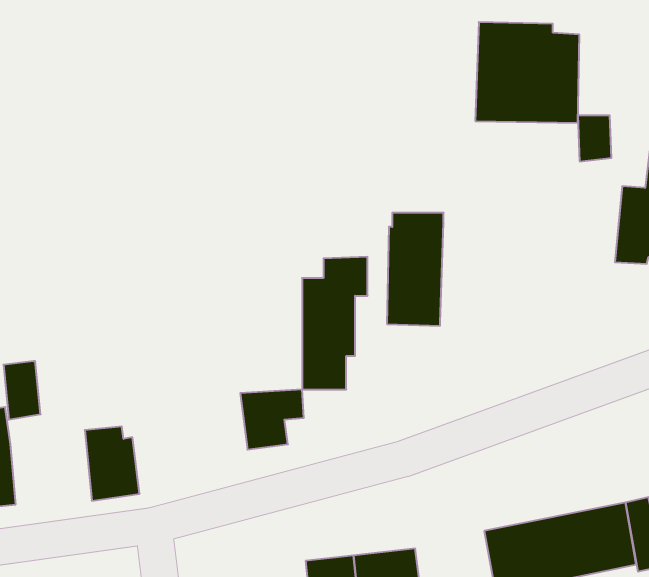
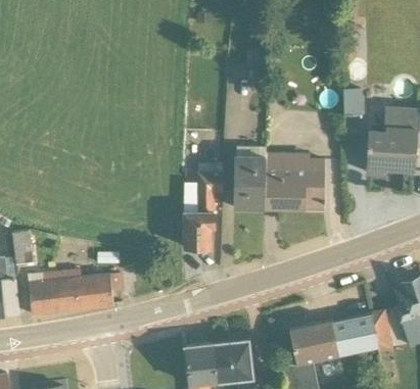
building: [475,22,579,123] -> [264,152,324,210]
building: [240,389,304,450] -> [86,274,123,308]
building: none -> [28,272,62,315]

